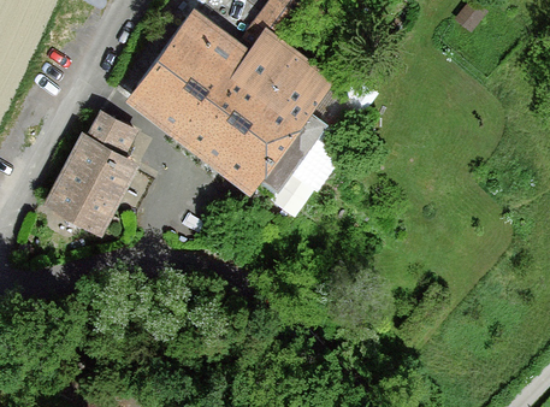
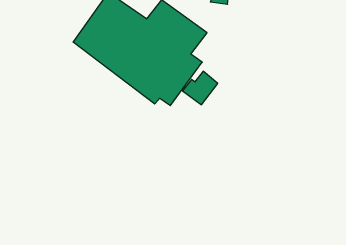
building: [51,114,131,226] -> none

